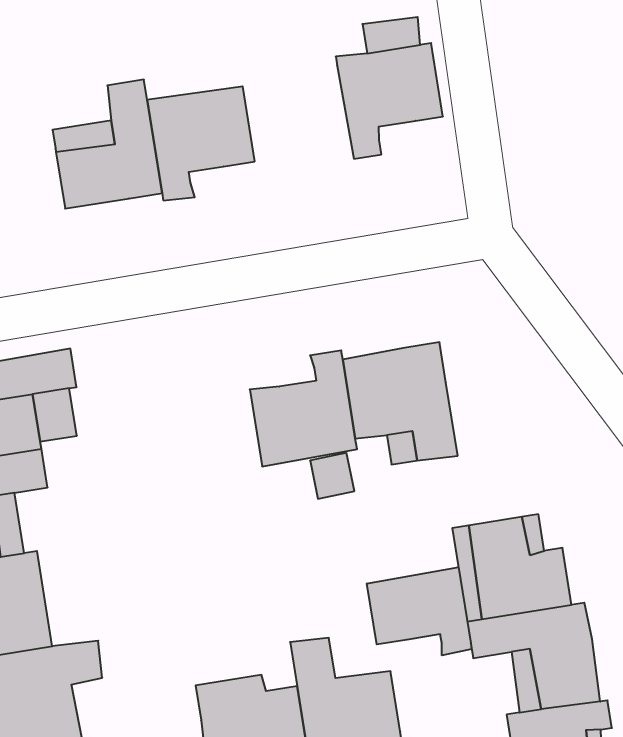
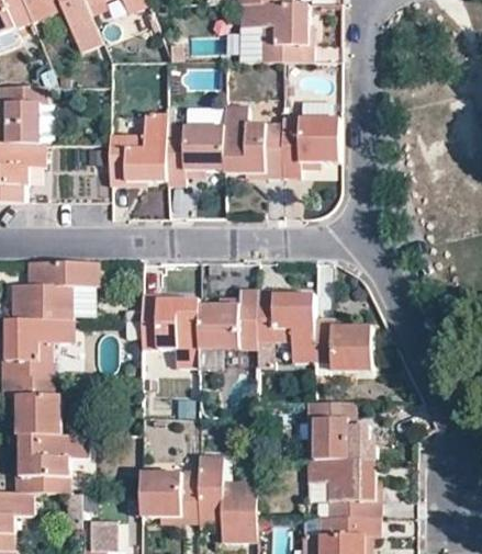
building: none -> [224,103,282,178]
building: none -> [315,317,372,371]
building: none -> [142,298,200,368]
building: [367,567,472,655] -> none

